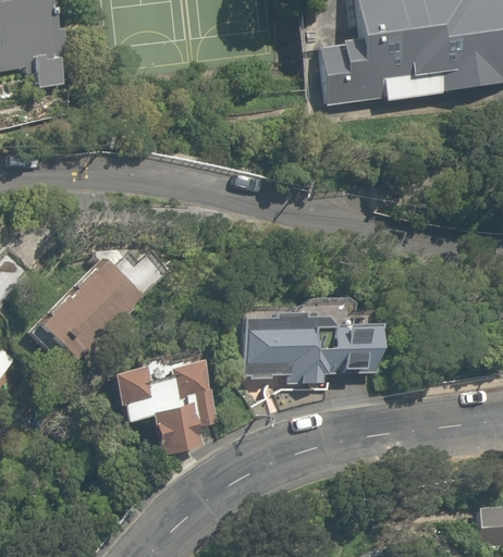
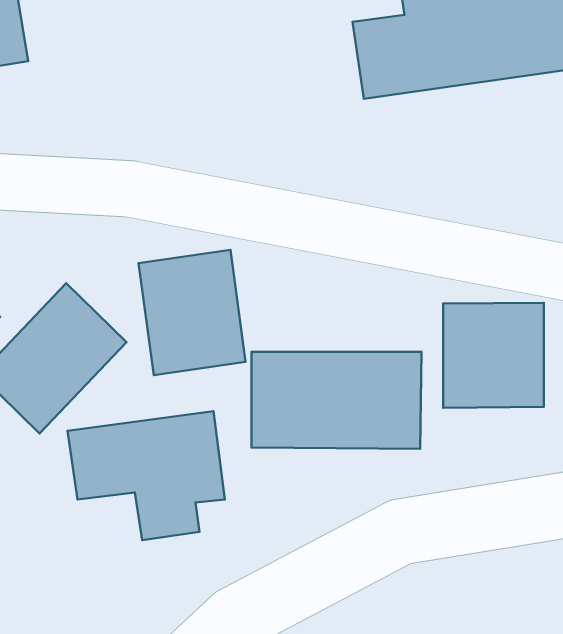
building: none -> [139,250,246,375]
building: none -> [443,303,544,408]

